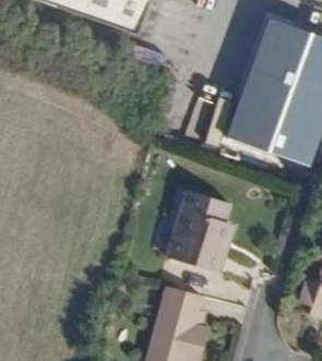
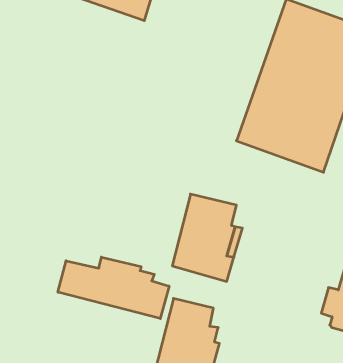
building: none -> [58,257,169,319]

